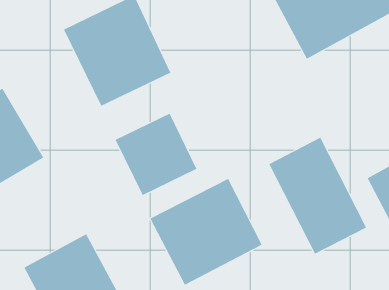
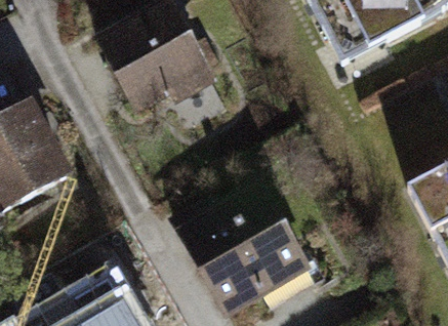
building: [115,113,197,196] -> none
building: [269,137,367,254] -> none

